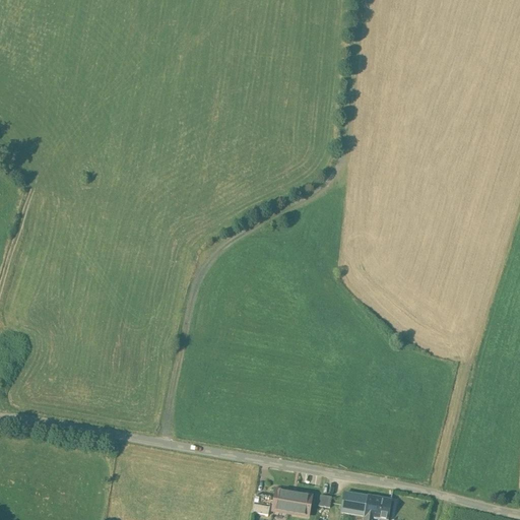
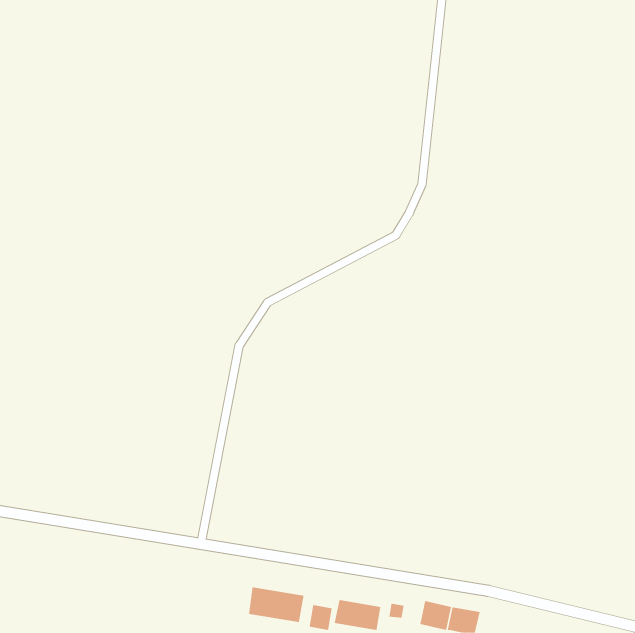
building: none -> [248,586,304,623]

